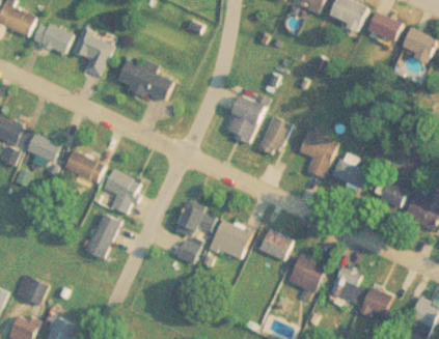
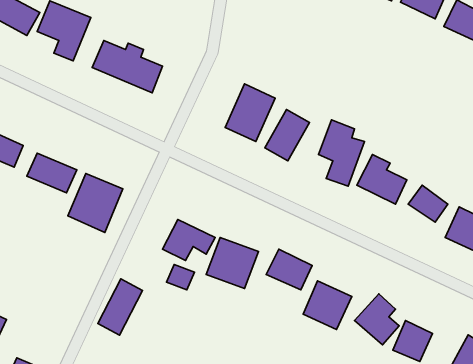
building: [84,214,120,259] -> [98,279,142,335]

